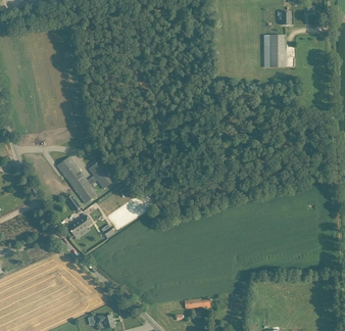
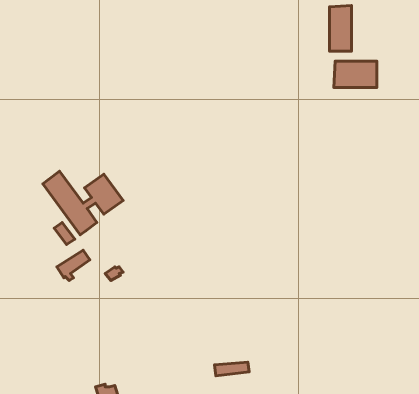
building: none -> [334,61,377,87]

